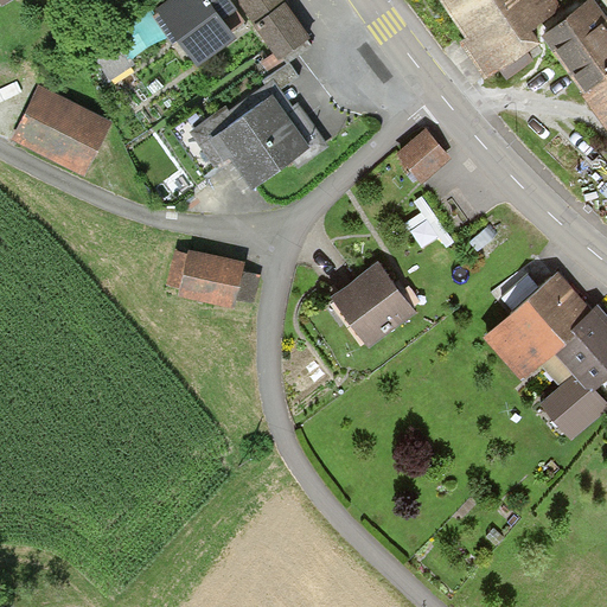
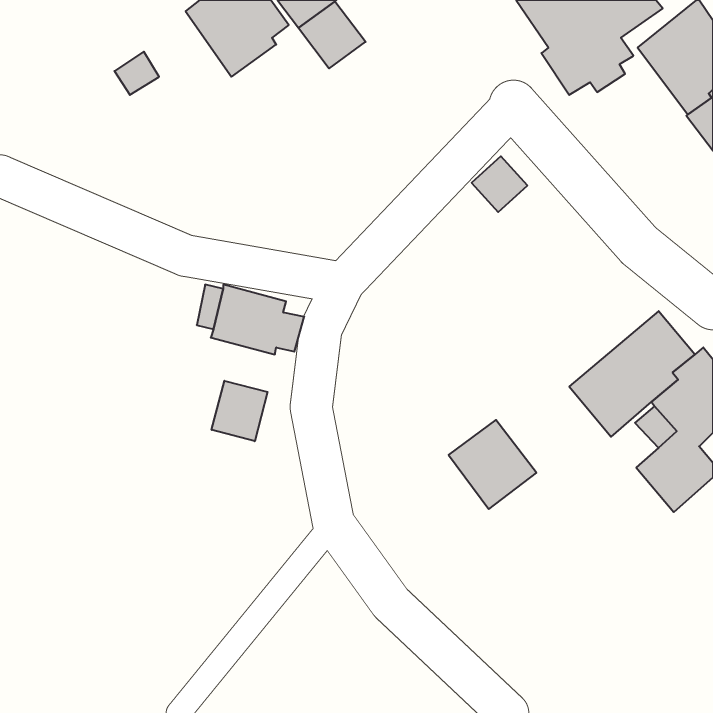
building: [190,62,328,196] -> none
building: [13,88,110,175] -> none
building: [338,269,413,345] -> [449,420,536,509]
building: none -> [212,381,268,441]

